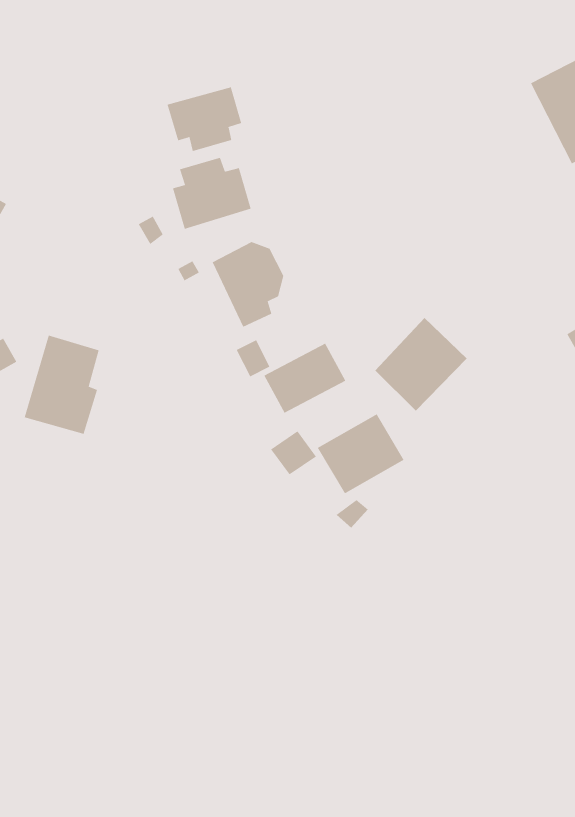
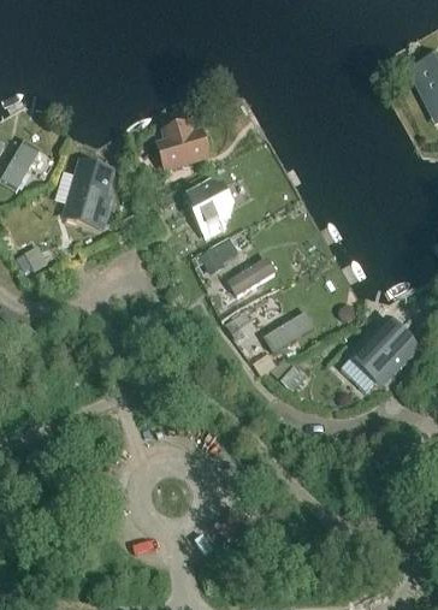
building: [167,86,242,152] -> none
building: [375,317,468,412] -> [350,316,415,383]
building: [24,335,100,435] -> [61,156,114,226]

